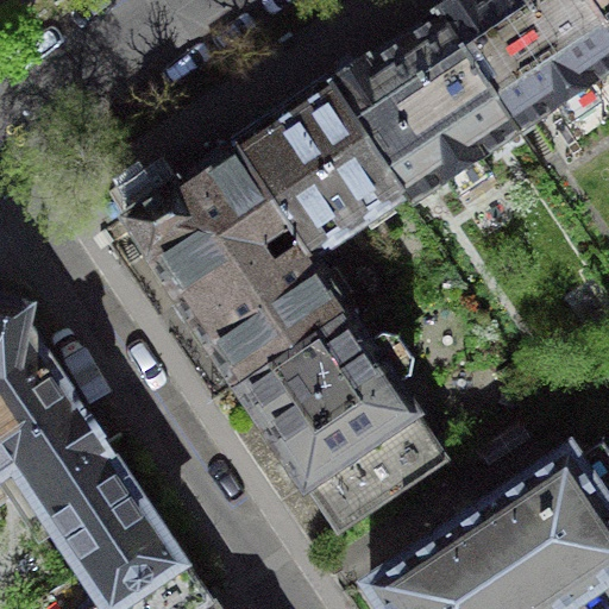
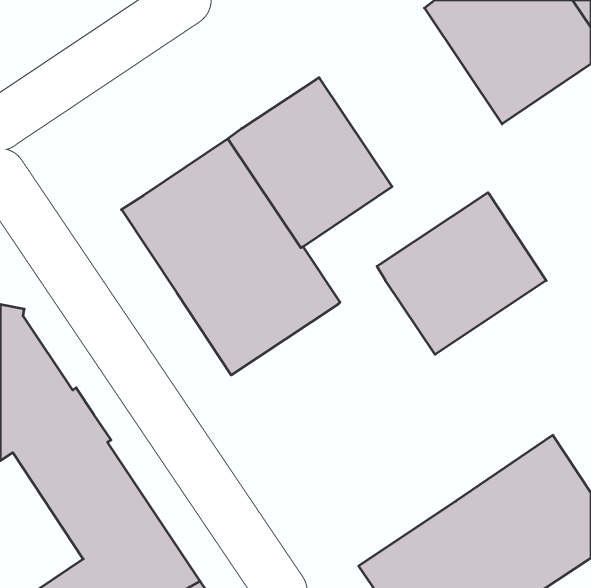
building: [328,12,516,207] -> none
building: none -> [377,193,546,354]
building: [238,316,445,534] -> none

